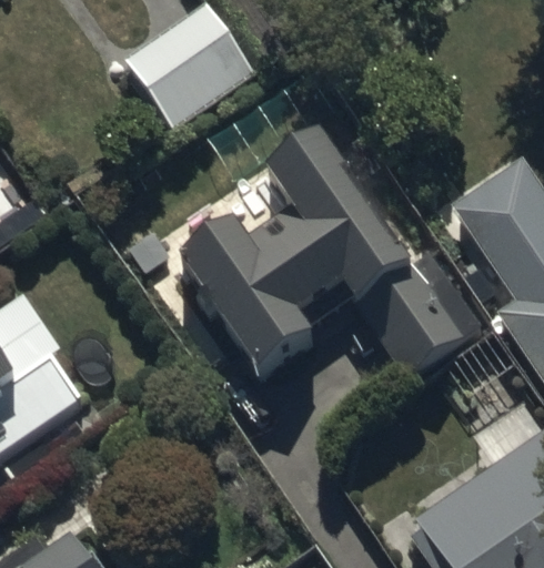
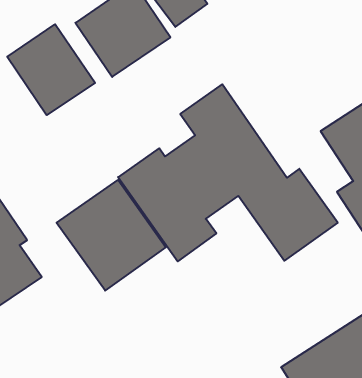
building: none -> [7,24,95,115]
building: none -> [57,180,166,291]

